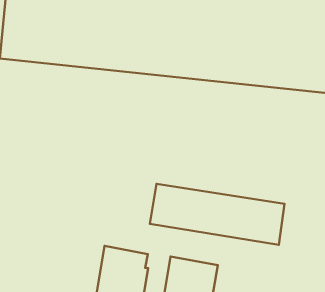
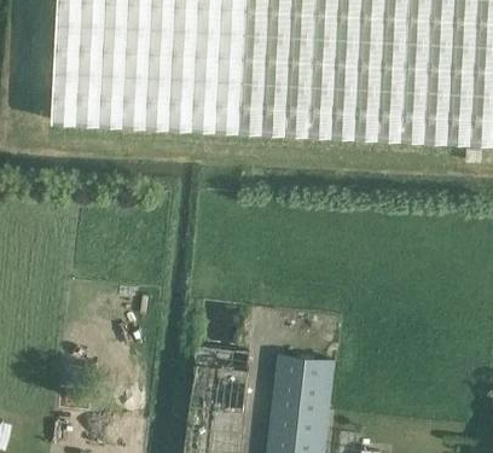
building: [150,184,284,245] -> none

